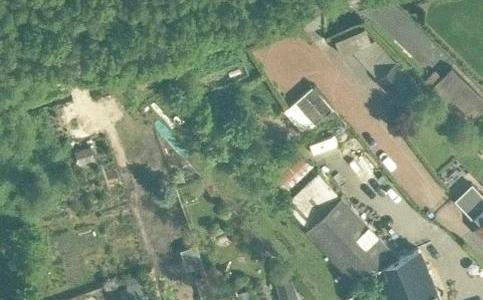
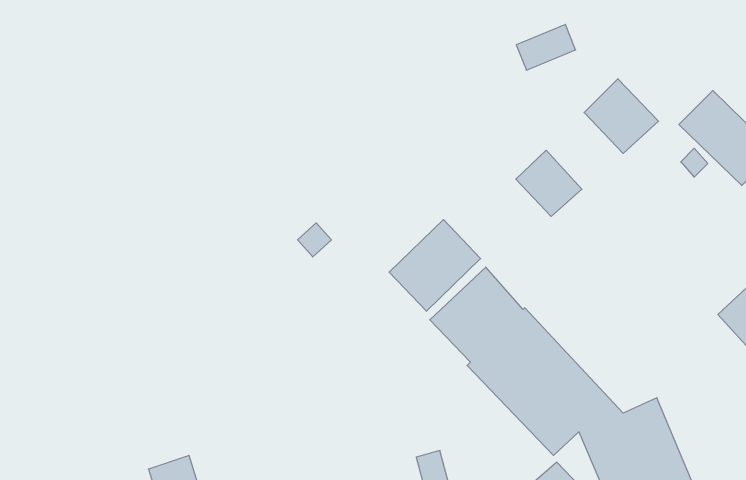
building: [294,86,333,125] -> [516,150,582,216]

